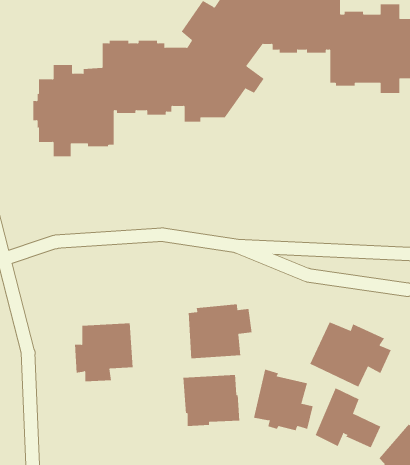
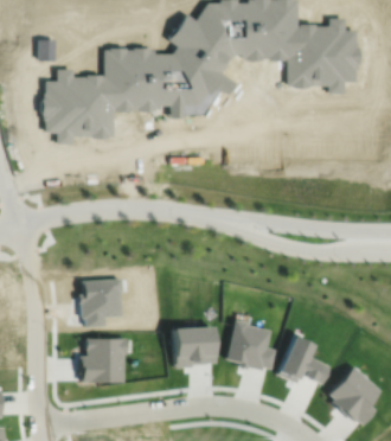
building: [188,303,252,359] -> none
building: [309,321,391,387] -> none
building: none -> [81,339,128,383]

